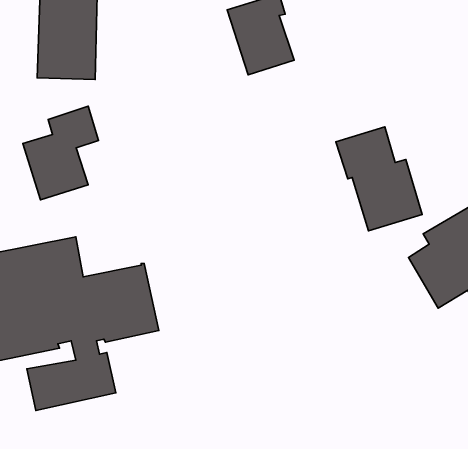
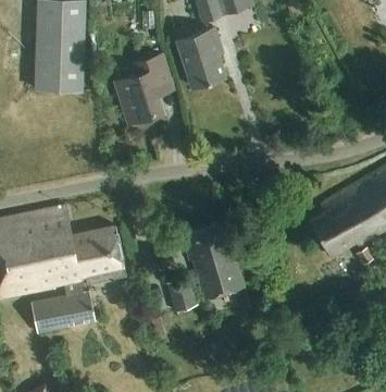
building: [23,106,99,200] -> [115,54,171,123]
building: [336,127,422,231] -> [180,223,244,299]
building: none -> [166,277,199,311]

